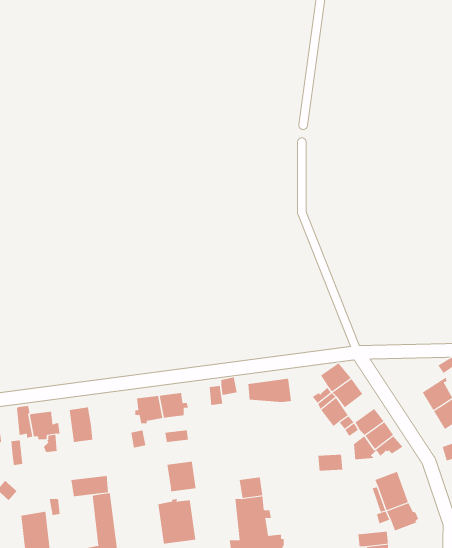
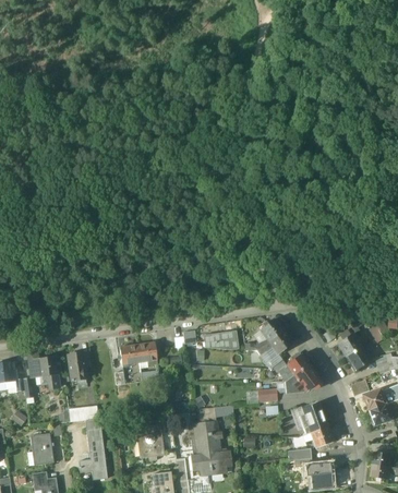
building: [167,461,196,492] -> none

